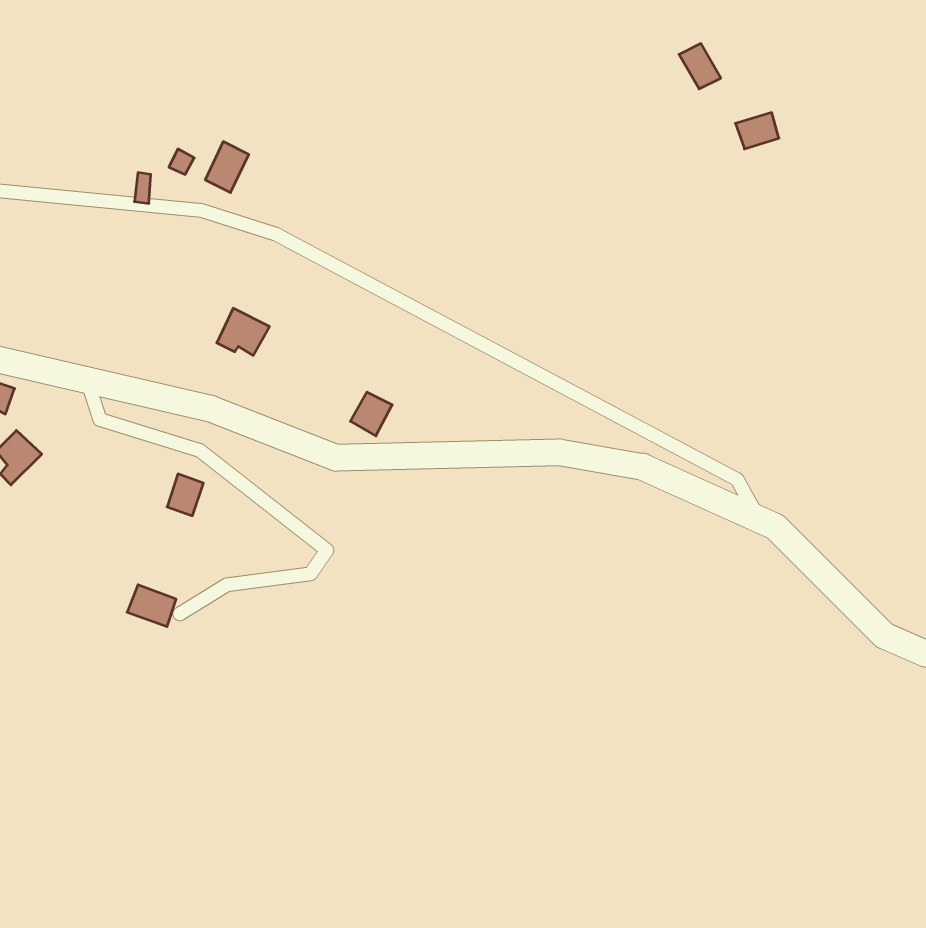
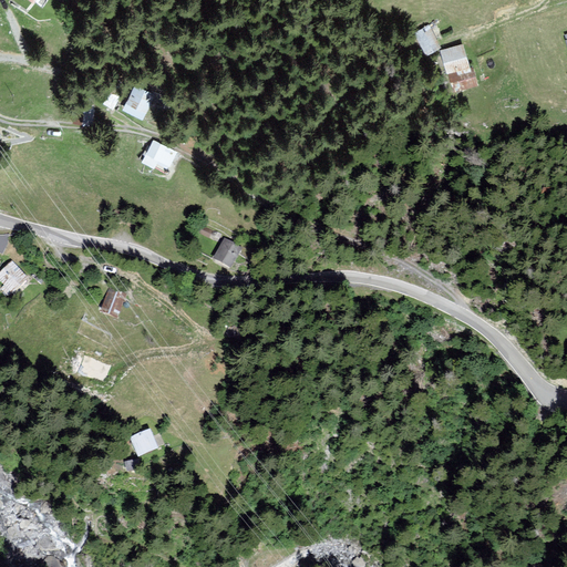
building: none -> [437,47,466,73]
building: [217,308,269,355] -> [143,141,175,169]
building: none -> [131,430,162,455]

